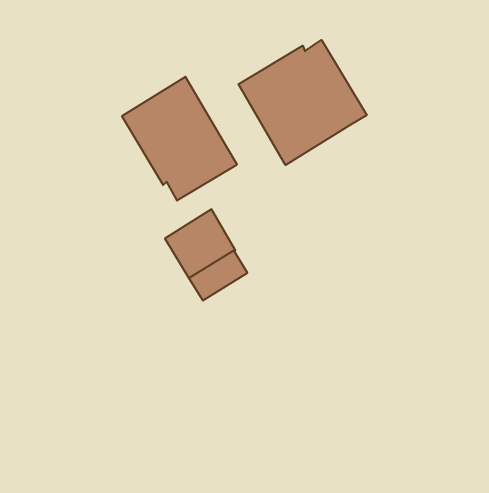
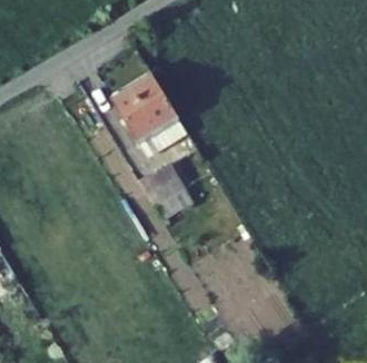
building: [238,40,367,165] -> none

